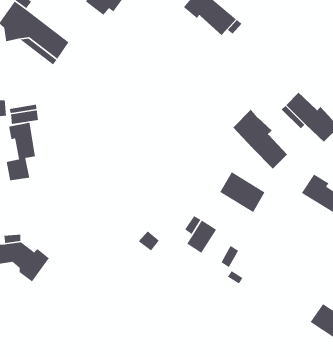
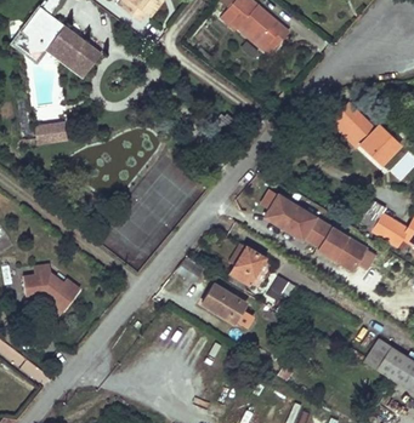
building: [232,109,288,169] -> none
building: [6,122,36,181] -> none
building: none -> [319,227,369,271]
building: none -> [203,285,245,322]

